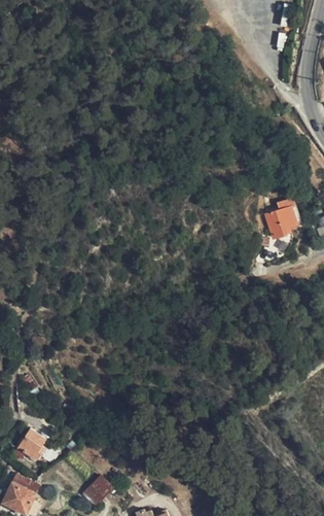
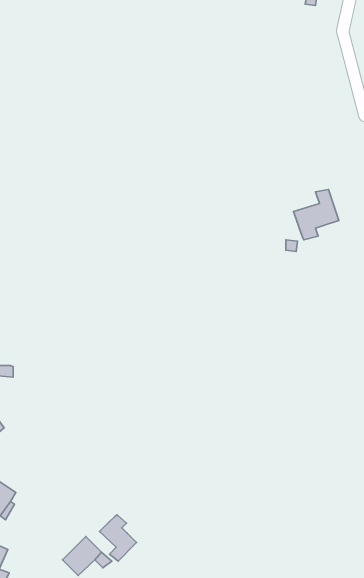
building: none -> [100,515,137,561]

